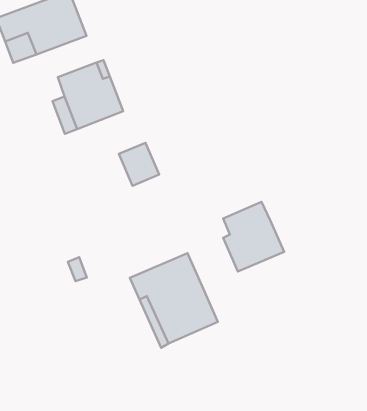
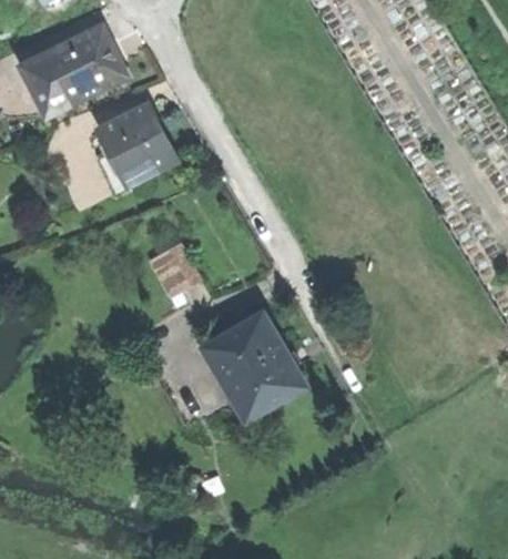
building: [119,143,159,186] -> [149,243,196,293]
building: [223,202,284,272] -> none

